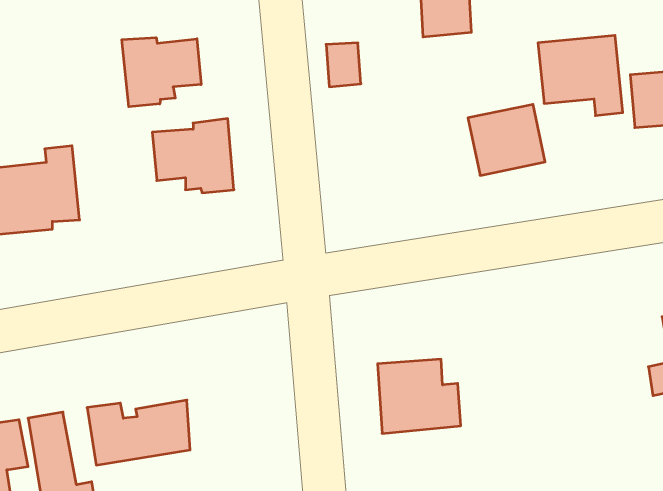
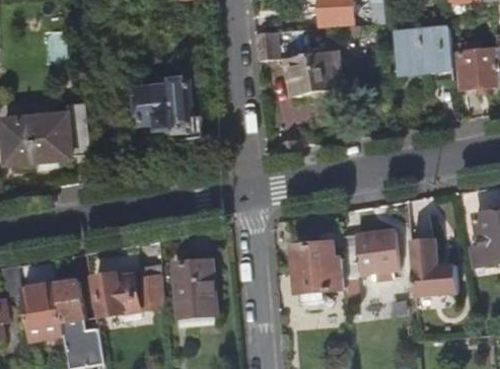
building: [122,38,201,107] -> none
building: [468,104,545,175] -> [287,50,339,97]
building: none -> [342,233,396,307]
building: none -> [409,239,459,297]
building: none -> [173,262,215,318]

